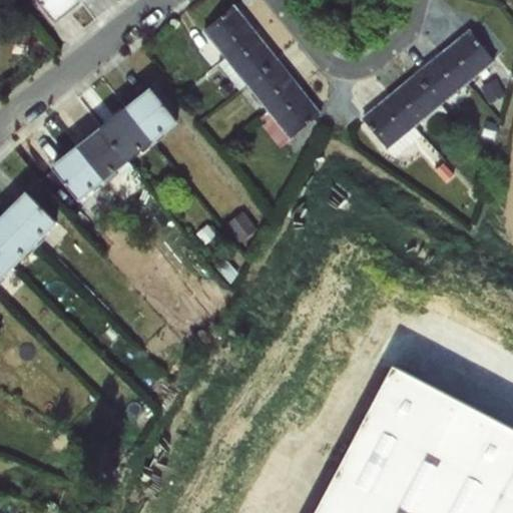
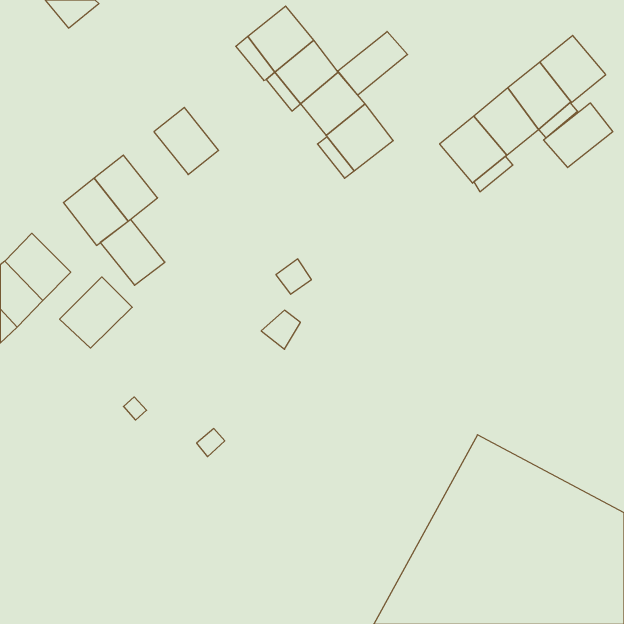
building: none -> [338,31,408,95]
building: none -> [544,103,613,168]
building: [101,108,154,162] -> [100,219,165,285]
building: none -> [60,277,132,348]

